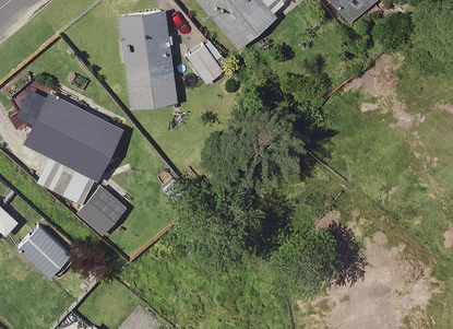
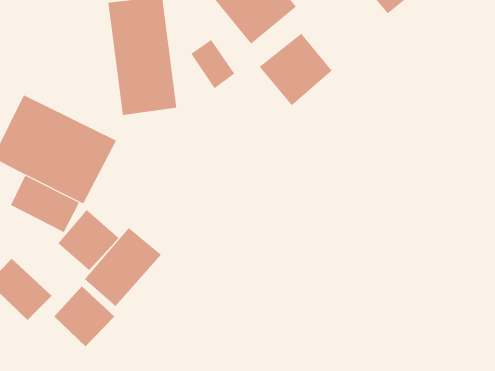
building: none -> [259,33,333,106]
building: none -> [84,227,162,307]
building: none -> [53,286,115,347]

